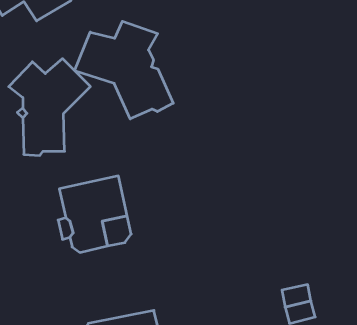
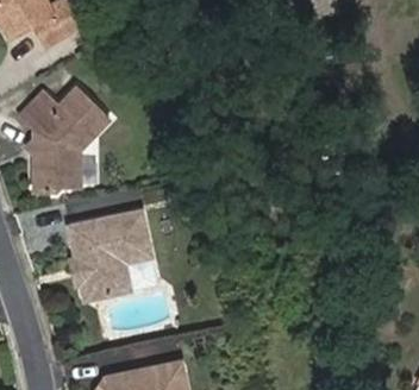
building: [75,21,173,119] -> none

